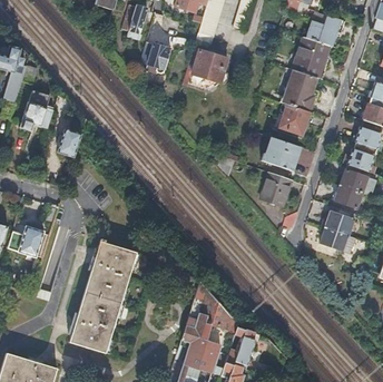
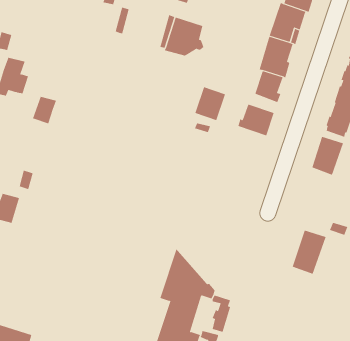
building: [147,42,170,72] -> none
building: [259,170,291,205] -> [194,86,226,121]
building: [321,206,355,251] -> [292,230,327,275]
building: [70,238,137,353] -> none

